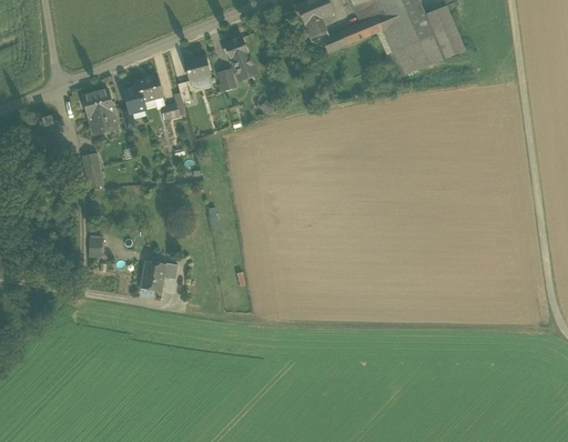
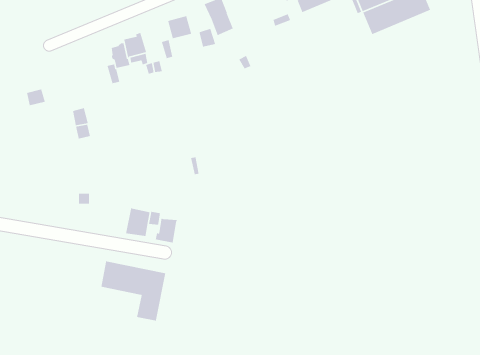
building: [82,89,119,134] -> none
building: none -> [155,218,178,243]
building: none -> [101,261,166,321]

